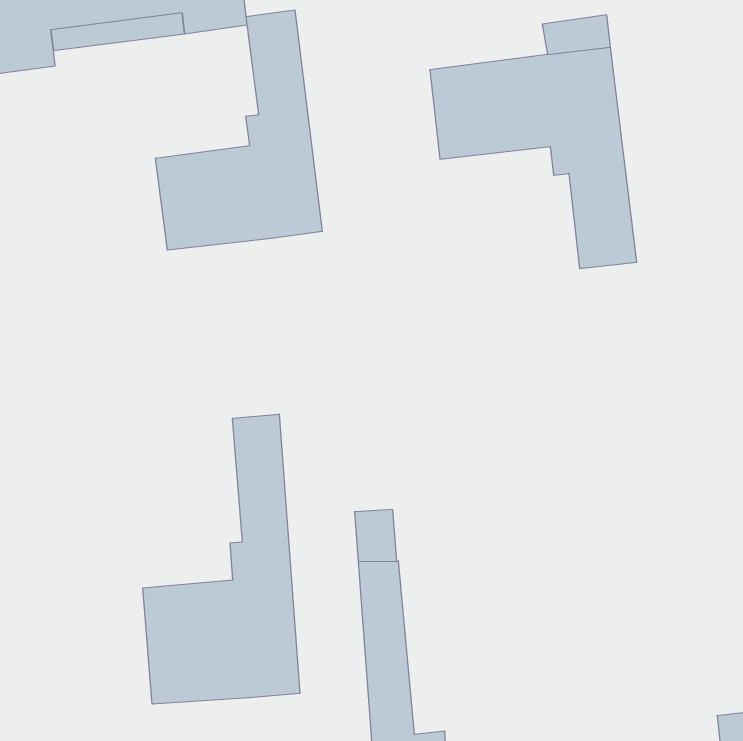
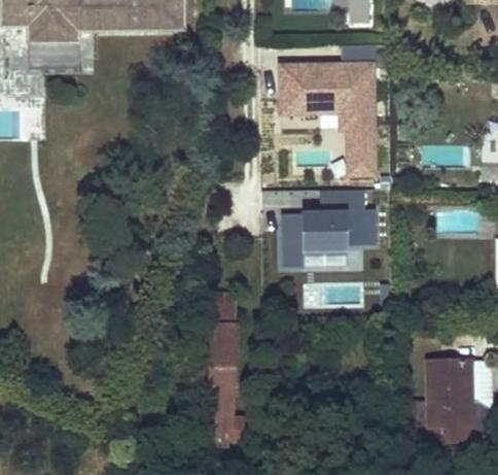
building: [156,10,322,250] -> none
building: none -> [283,191,377,264]
building: [143,414,300,704] -> none

